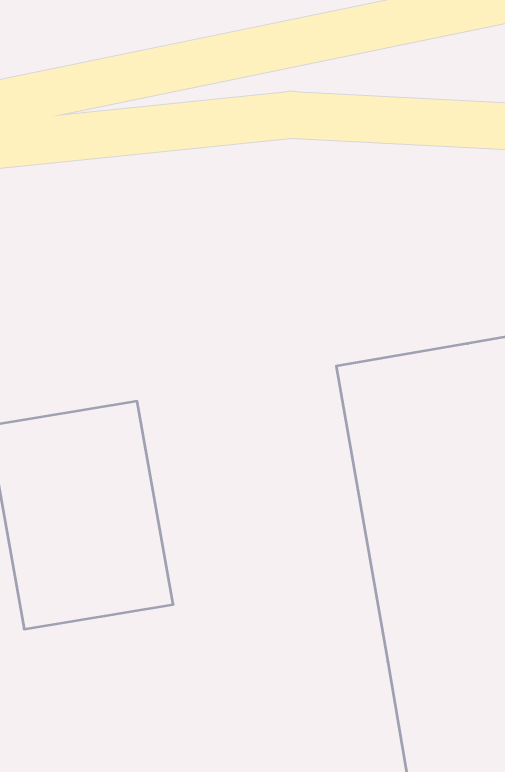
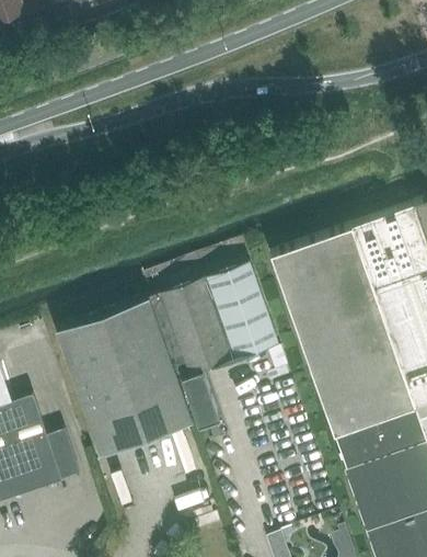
building: none -> [152,264,277,430]

